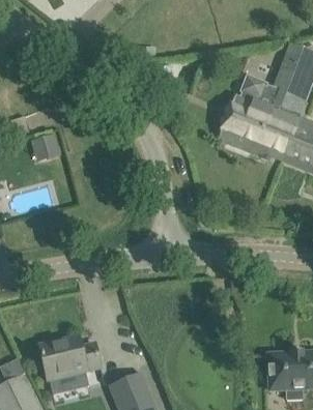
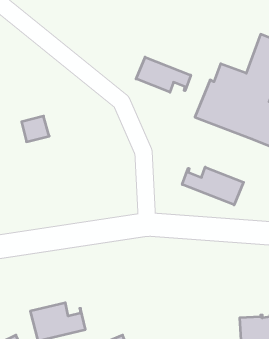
building: none -> [136,57,191,92]
building: none -> [182,167,244,205]

